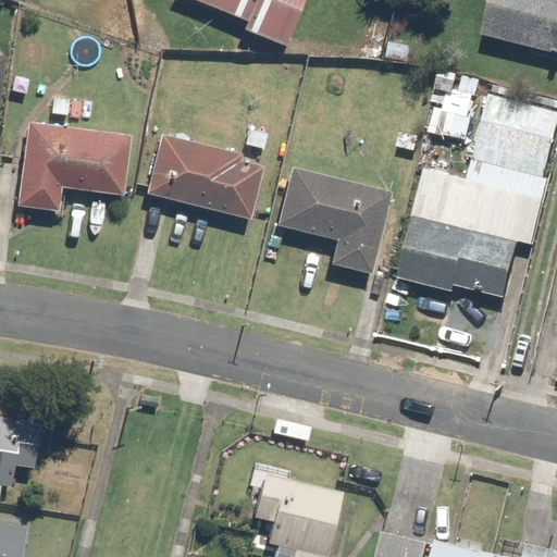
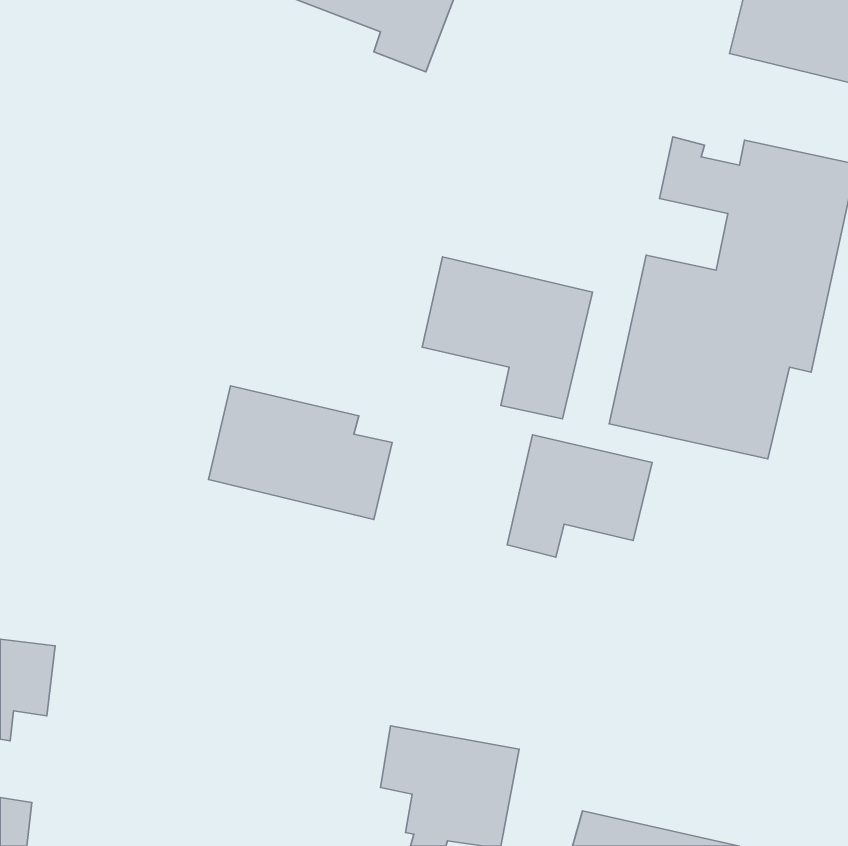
building: [15,124,131,210] -> none
building: [143,132,262,219] -> [209,386,392,519]
building: none -> [507,435,652,557]

